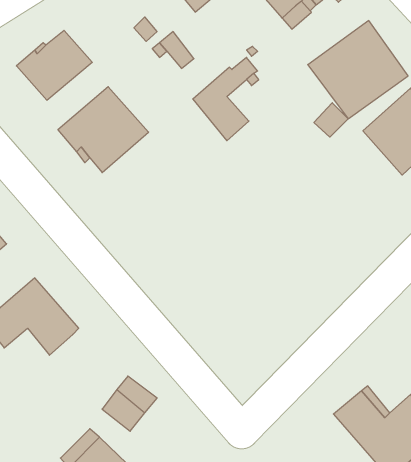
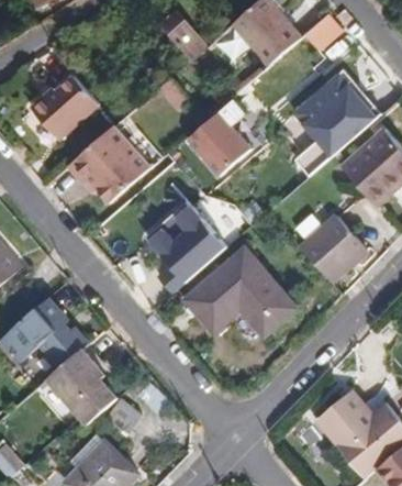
building: none -> [149,205,226,292]
building: none -> [300,214,367,281]
building: none -> [186,248,295,334]
building: none -> [46,349,115,423]

